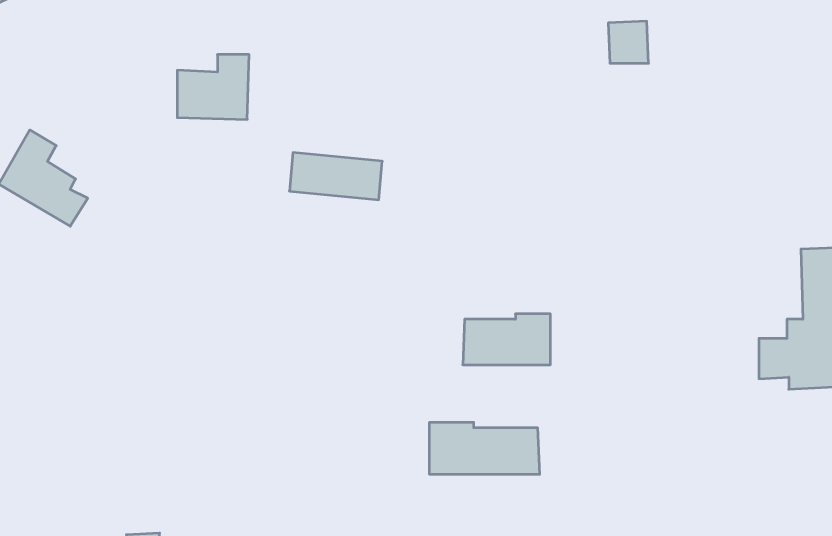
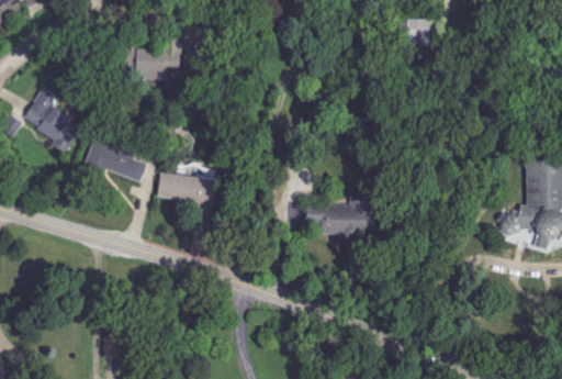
building: [289,153,382,200] -> [157,172,215,202]
building: none -> [85,137,146,181]
building: [430,422,540,474] -> none

